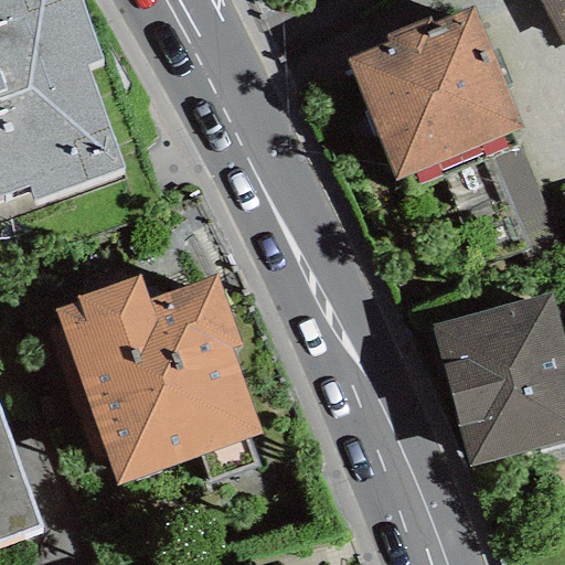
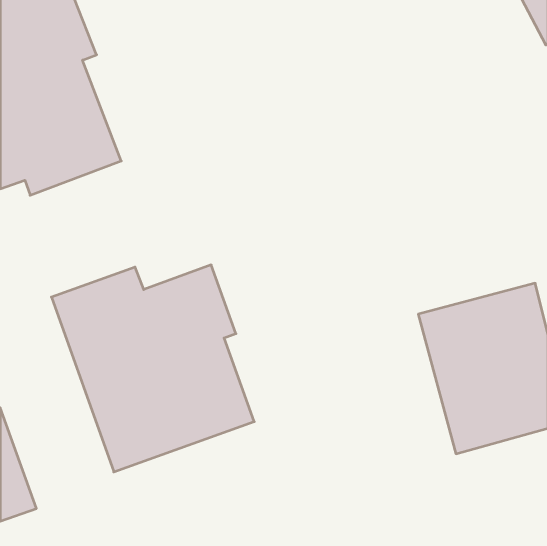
building: [345,6,523,182] -> none

